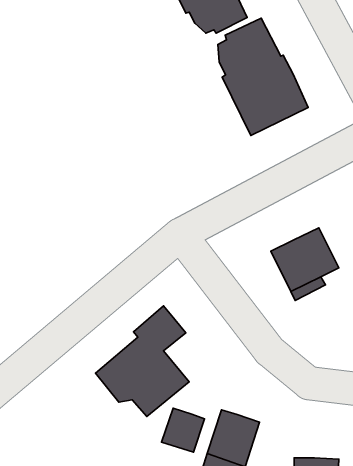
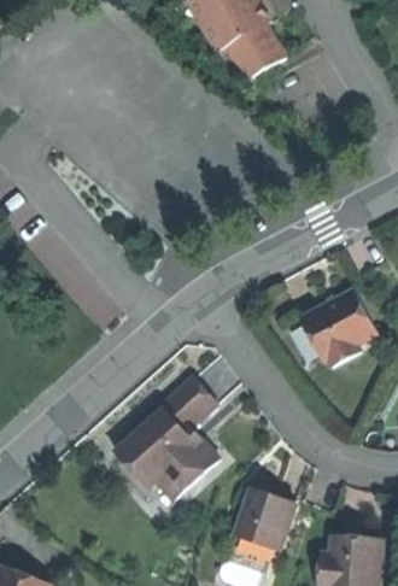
building: [218,18,308,136] -> none
building: [161,408,205,452] -> none

